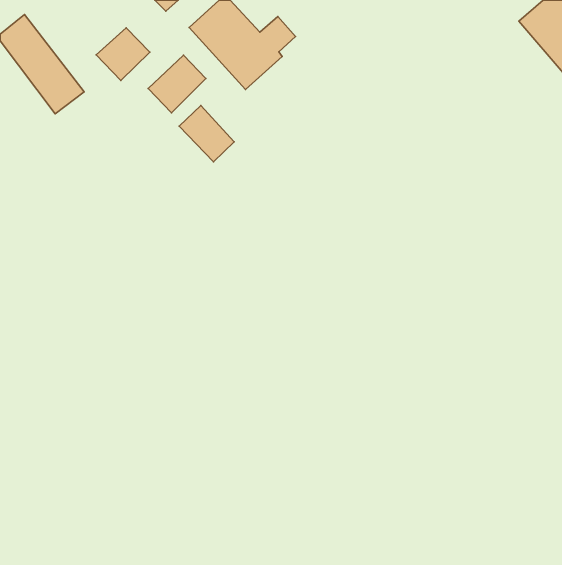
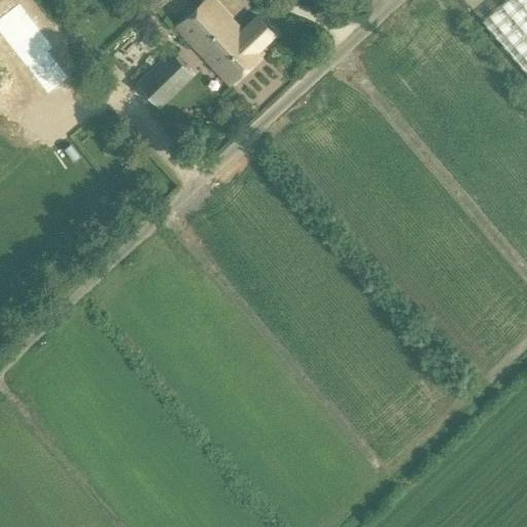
building: [96,28,150,81] -> none
building: [179,106,234,162] -> none

